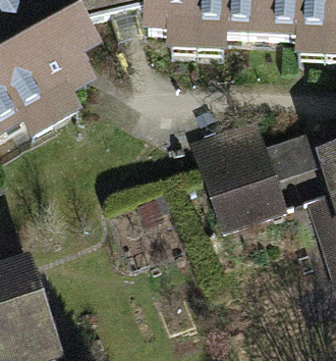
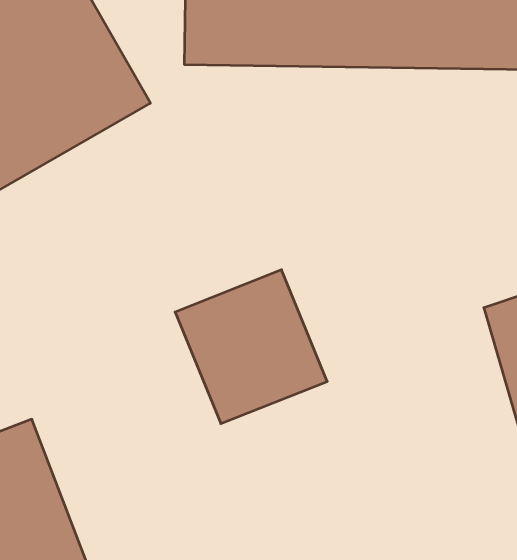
building: [200,149,291,242] -> [175,270,327,424]

